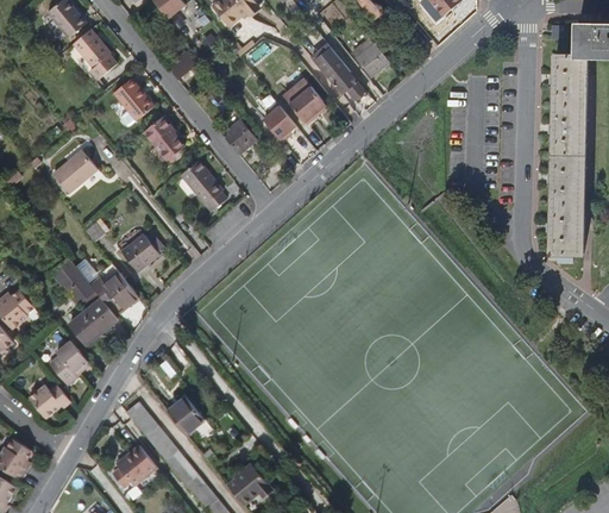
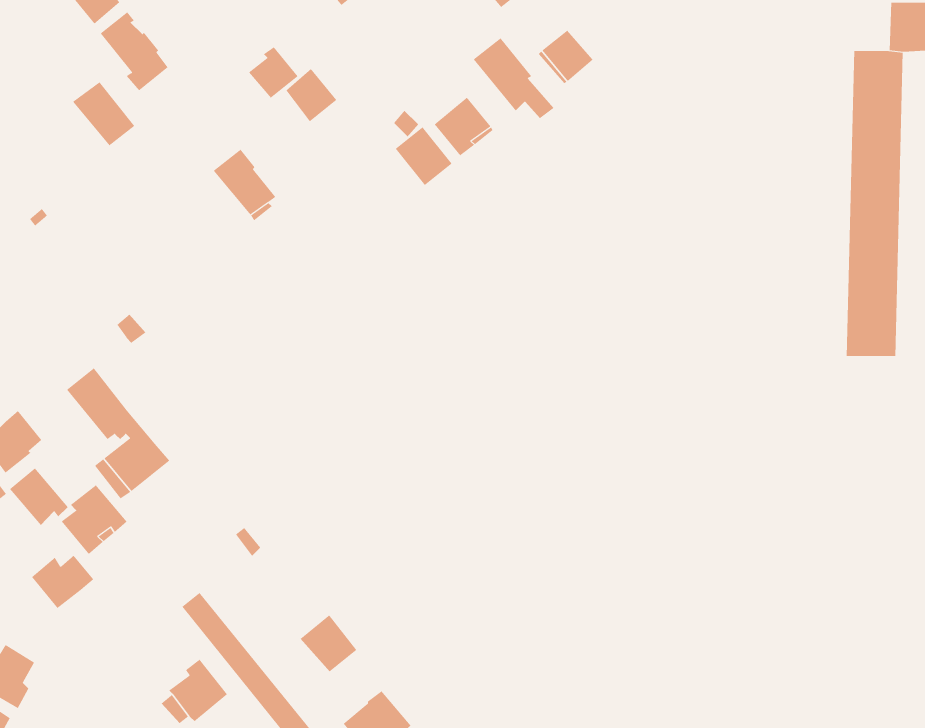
building: [114,79,155,120] -> [72,81,135,146]
building: [221,118,255,152] -> [285,68,337,122]
building: [52,151,94,193] -> none
building: [180,159,226,211] -> none
building: [120,234,158,269] -> none
building: [90,274,136,306] -> none
building: none -> [9,468,68,526]
building: [167,395,203,432] -> [300,615,357,672]

